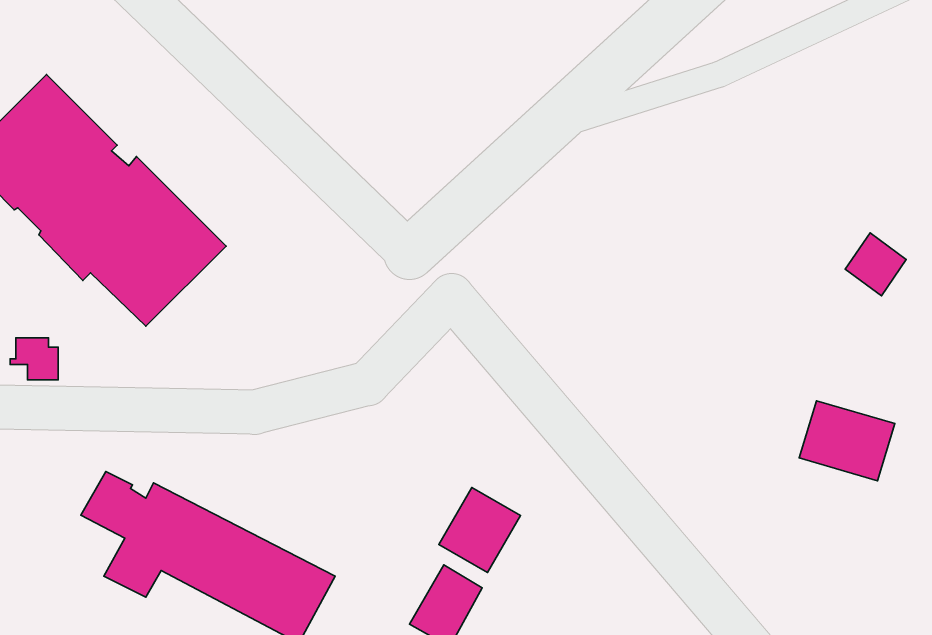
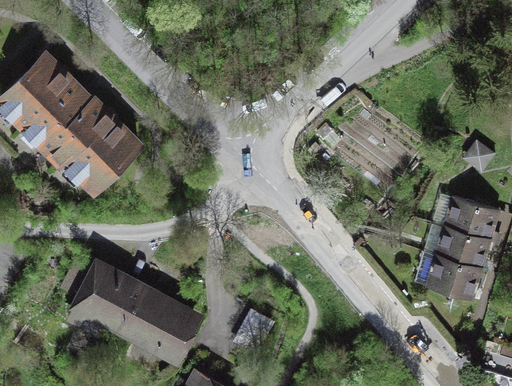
building: none -> [448,197,497,238]
building: none -> [430,256,480,297]
building: [439,488,521,572] -> none

